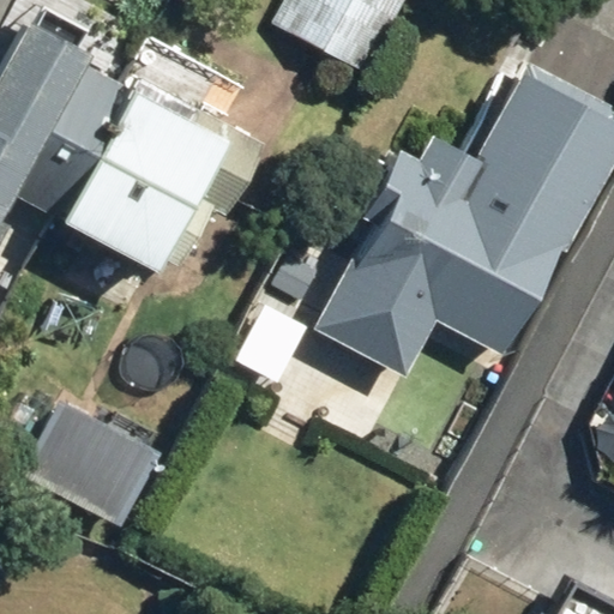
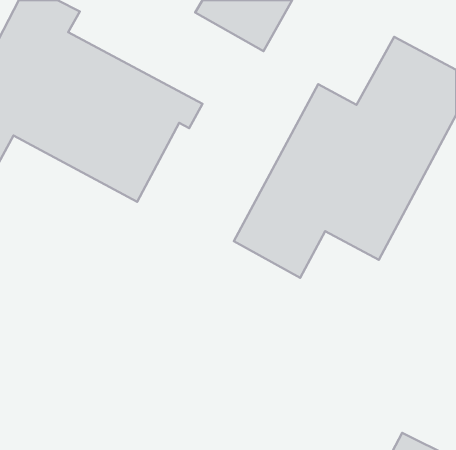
building: [16,395,163,529] -> none

